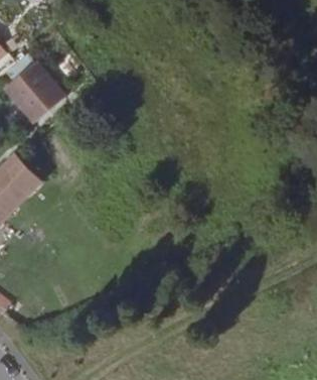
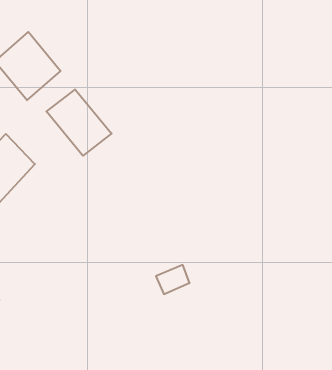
building: none -> [46,89,112,156]

